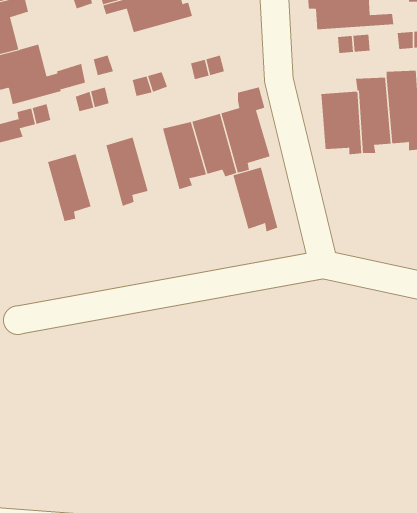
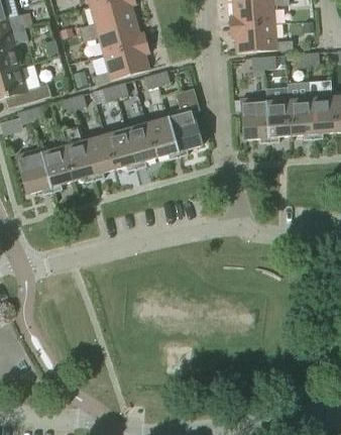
building: none -> [93,42,149,85]
building: none -> [62,136,95,183]
building: none -> [15,148,52,195]
building: [232,167,278,232] -> [103,124,136,172]

